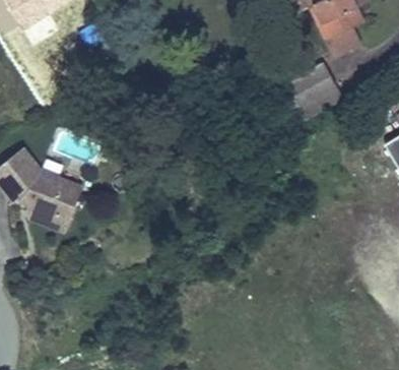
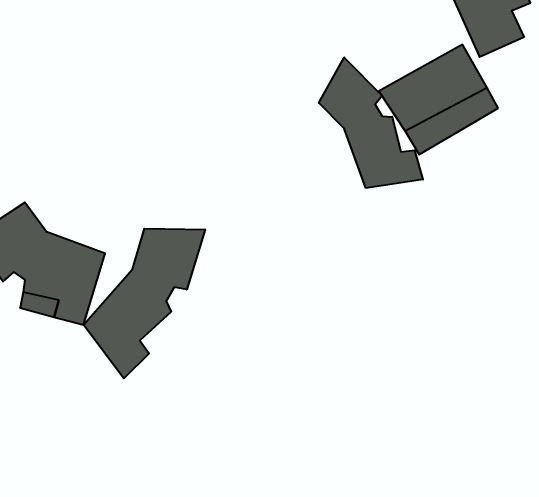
building: none -> [319,57,423,188]
building: none -> [84,229,205,378]

